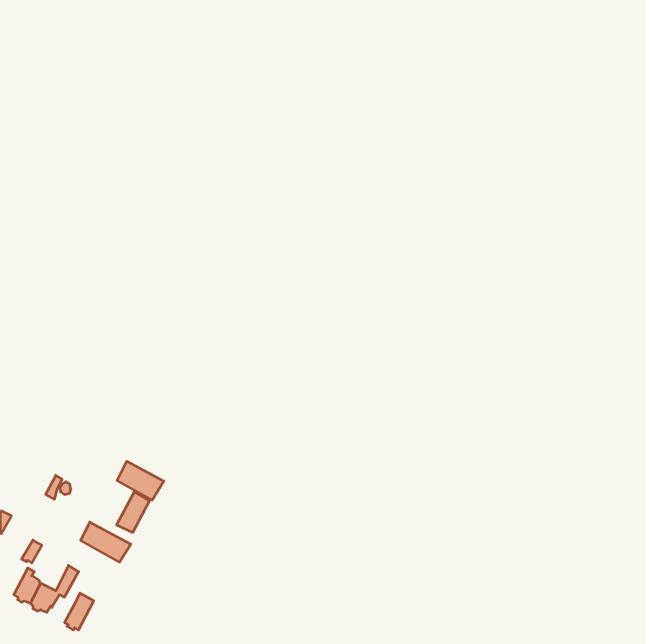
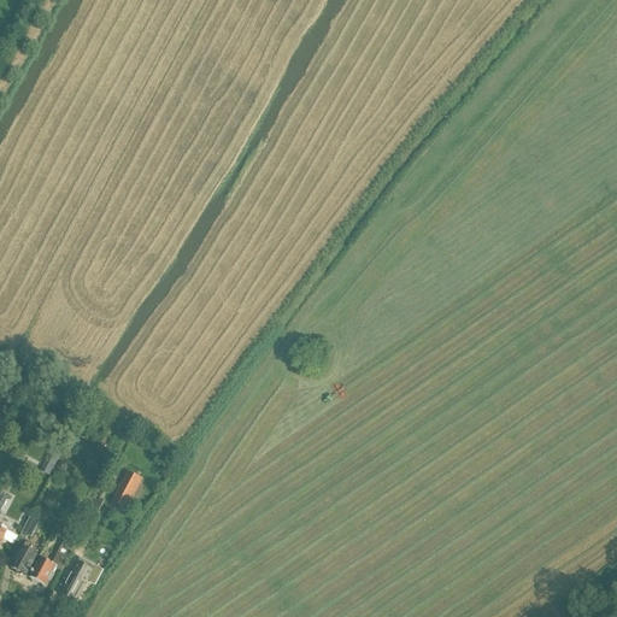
building: [117,461,164,500] -> none
building: [81,522,131,562] -> none

